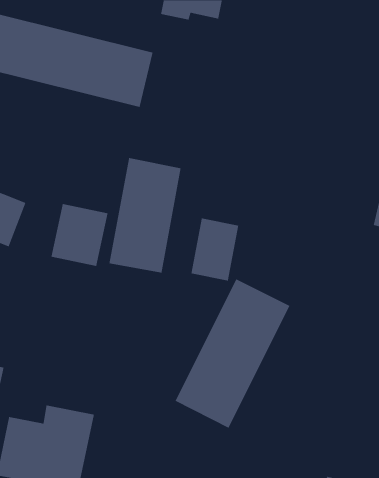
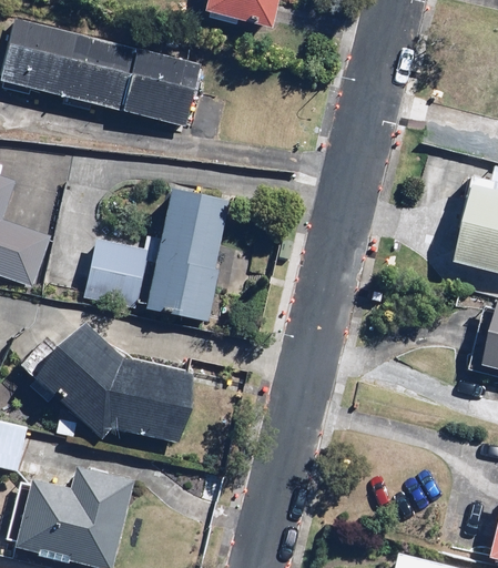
building: [191,218,239,281] -> none
building: none -> [40,321,199,445]
building: [174,278,290,429] -> none

